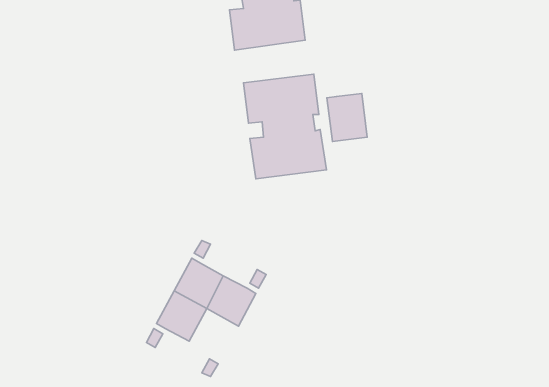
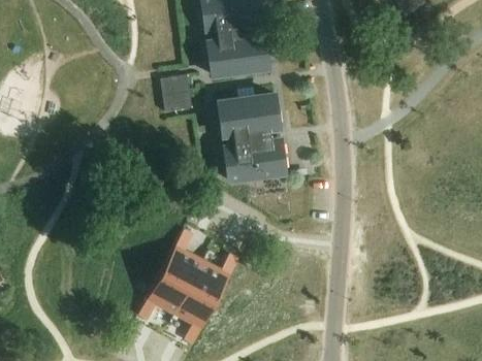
building: none -> [159,75,191,112]
building: [327,93,367,141] -> none
building: none -> [173,287,214,328]

